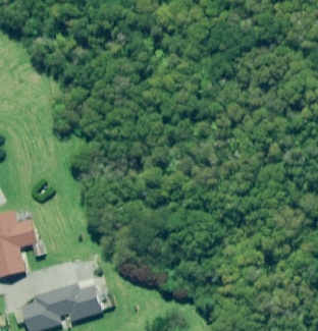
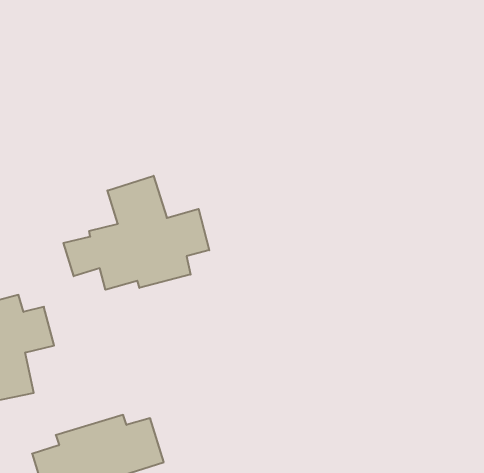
building: none -> [63,176,209,290]

